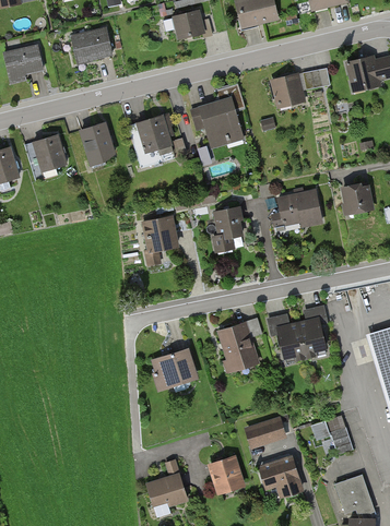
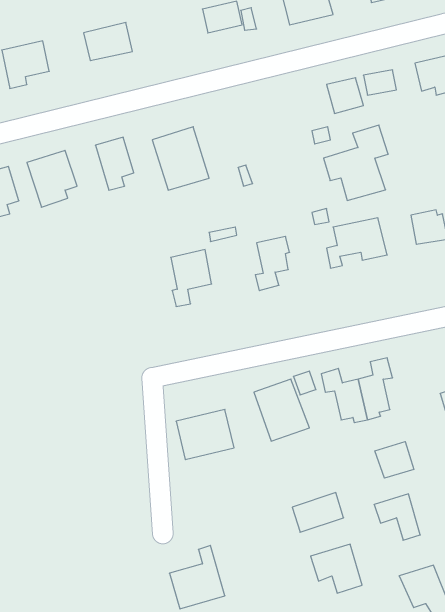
building: [192,83,246,145] -> [324,125,388,200]
building: none -> [375,442,414,478]
building: [203,456,245,497] -> none

